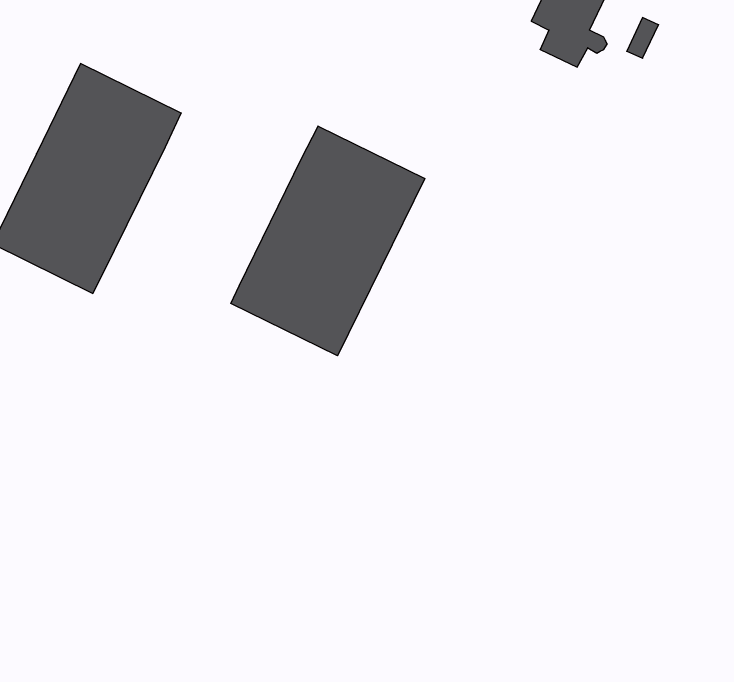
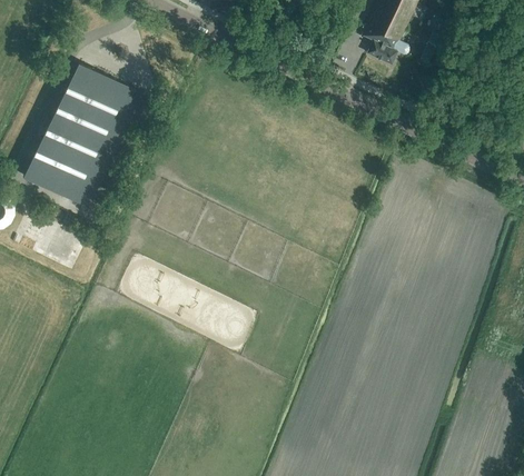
building: [231,126,425,356] -> none

